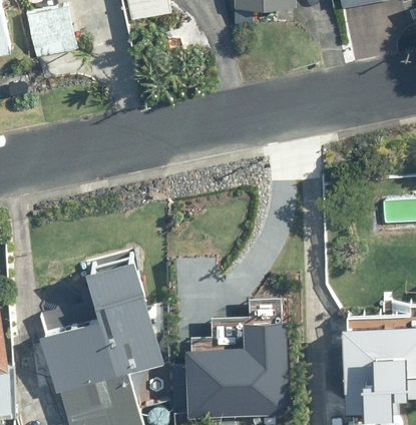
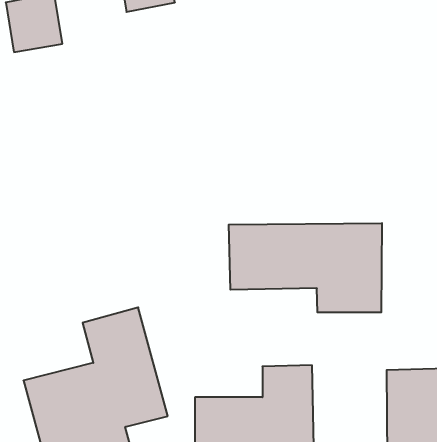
building: none -> [229,223,382,312]

